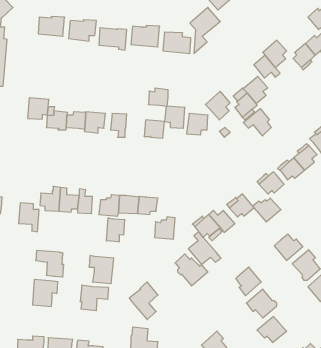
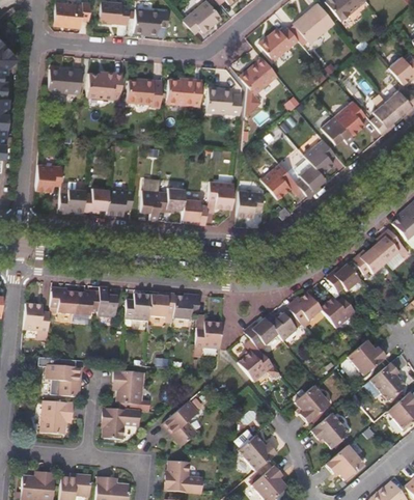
building: [148,88,168,106] -> [160,188,185,211]
building: [243,109,271,136] -> none
building: [107,218,125,242] -> none
building: [175,254,208,286] -> [236,430,277,471]

